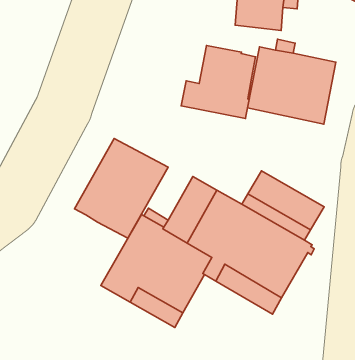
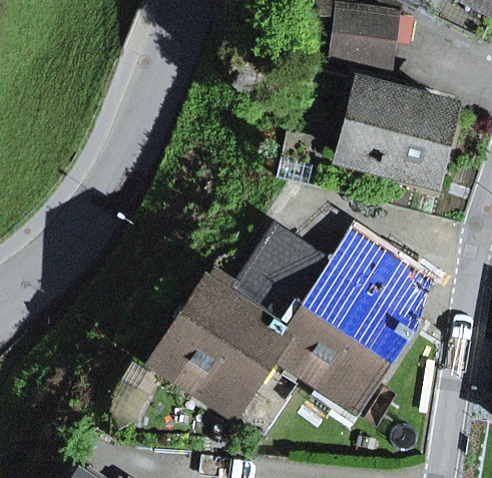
building: [181,45,256,119] -> none
building: [75,139,168,238] -> none

